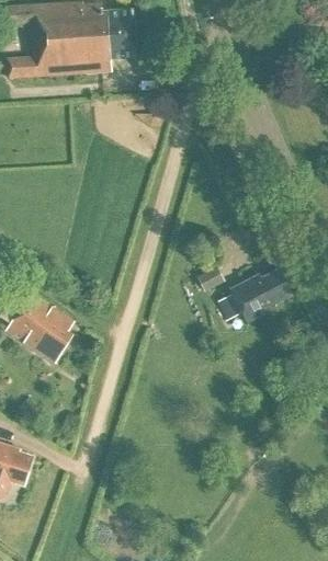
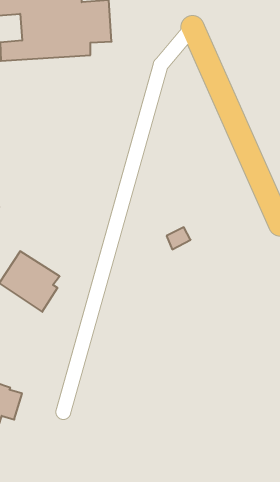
building: [218,271,292,324] -> none

